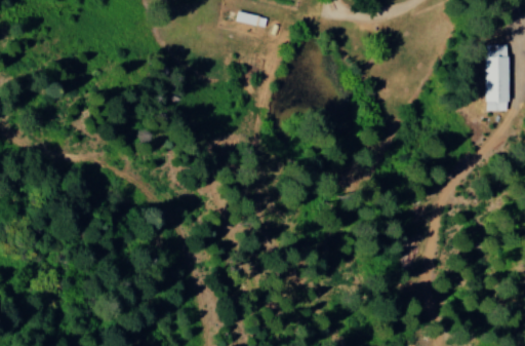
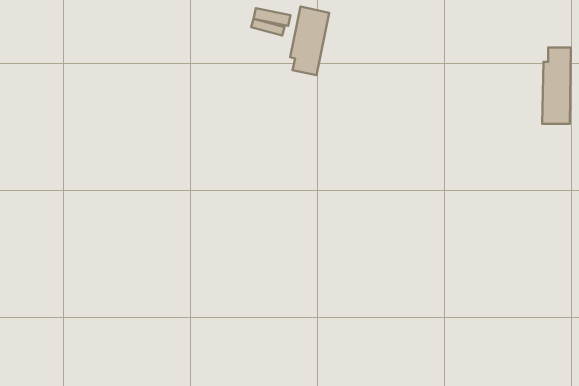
building: none -> [290,7,329,75]

